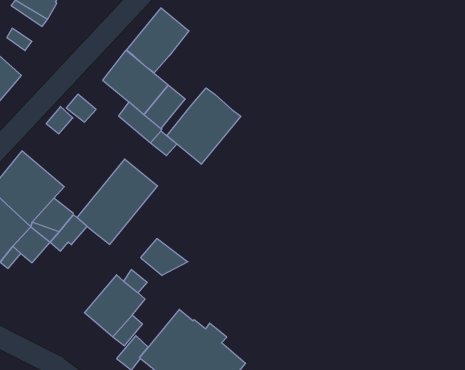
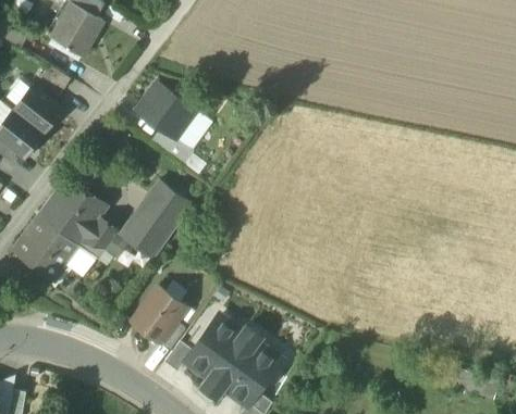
building: [126,8,189,73] -> none
building: [167,88,241,164] -> none
building: [141,239,188,276] -> none

